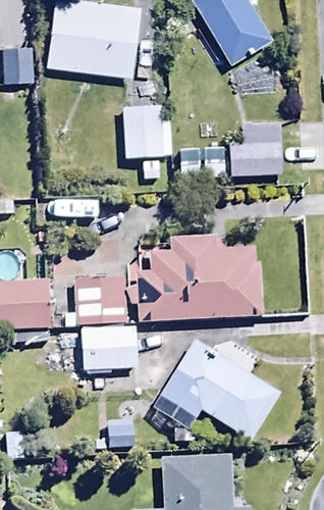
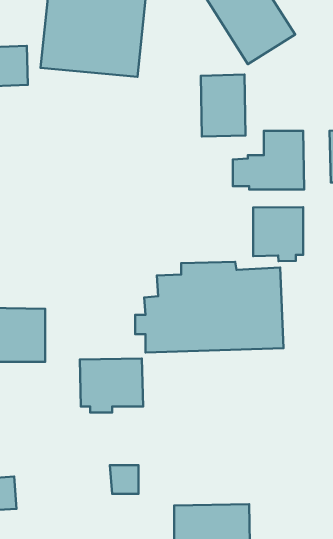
building: [124,104,164,159] -> [201,75,246,137]
building: none -> [253,207,303,261]
building: [78,275,128,323] -> none
building: [160,340,281,442] -> none

